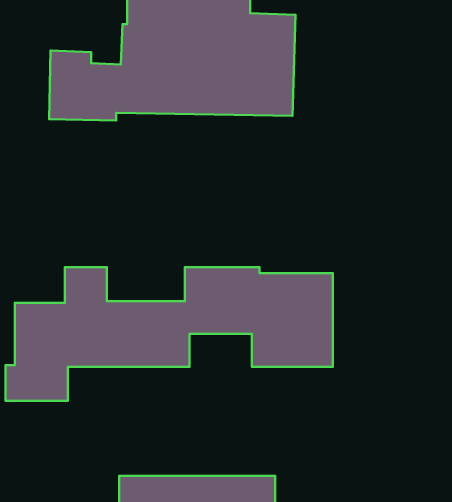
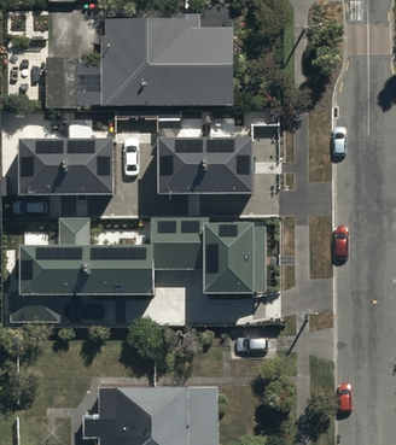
building: none -> [156,144,251,201]
building: none -> [17,146,111,203]

